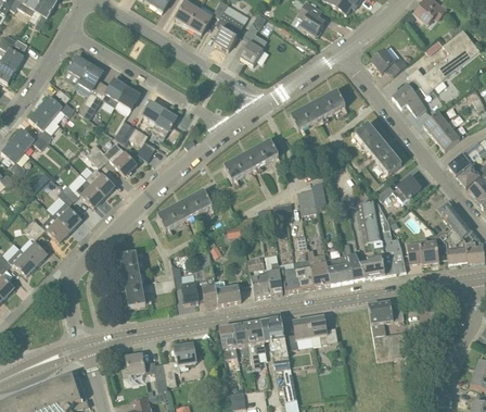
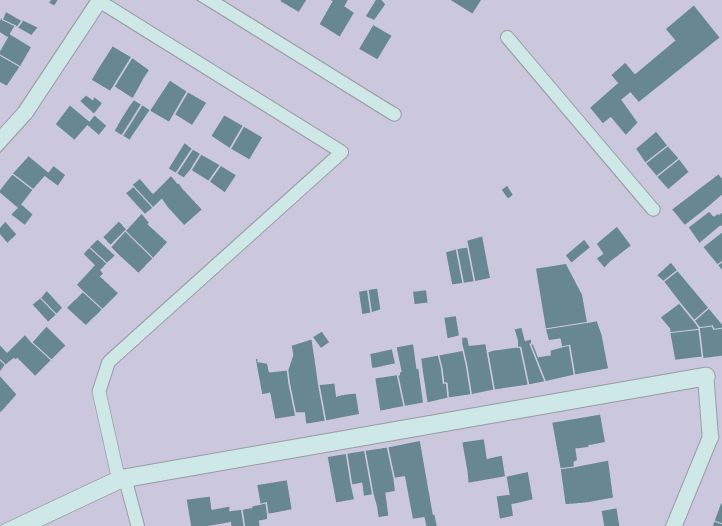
building: [371,43,407,76] -> none
building: [291,90,345,130] -> none
building: [29,108,57,146] -> none
building: [355,123,401,175] -> none
building: [223,140,279,182] -> none
building: [157,190,213,232] -> none
building: [407,234,438,264] -> none
building: [119,252,145,308] -> none
building: [286,319,311,350] -> [496,472,534,519]

